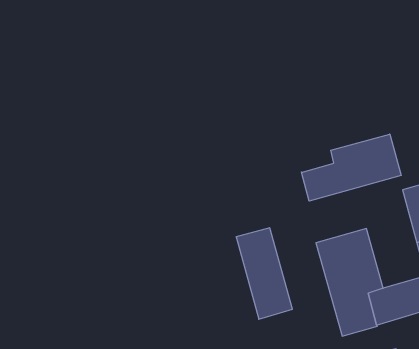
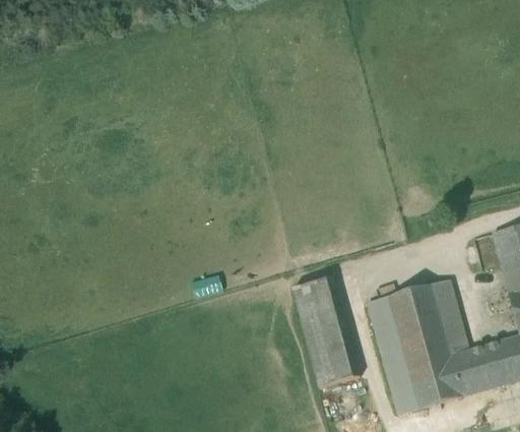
building: [301,134,401,201] -> none
building: none -> [367,295,419,414]

